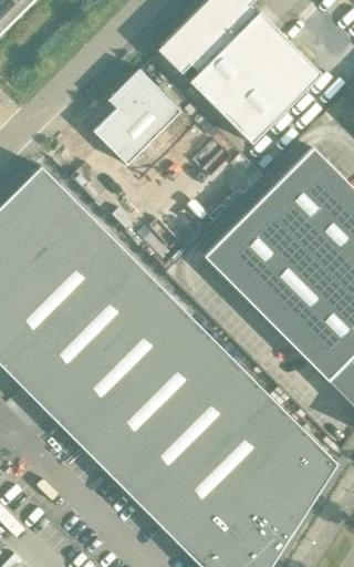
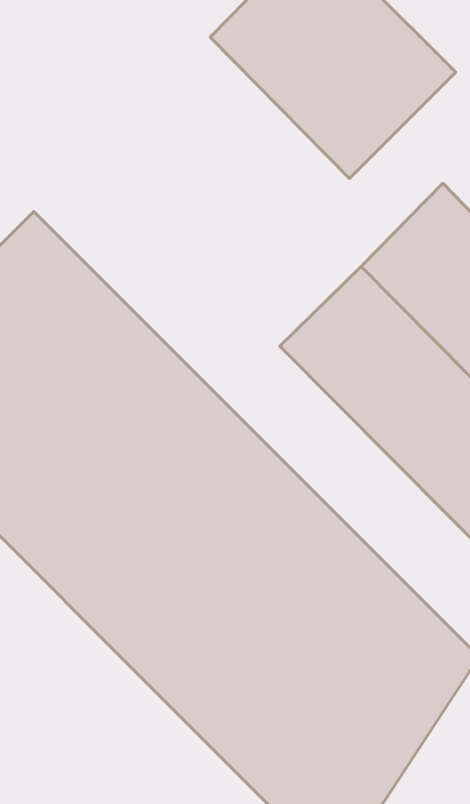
building: [84,69,194,177] -> none

